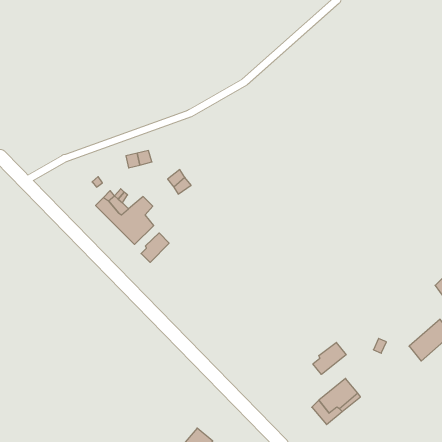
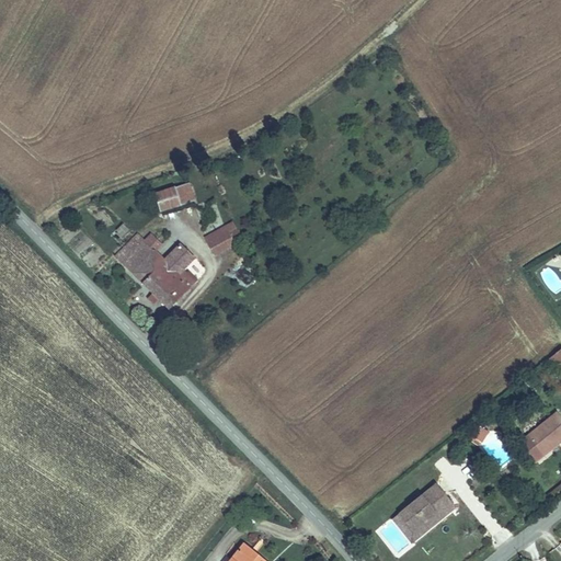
building: [141,233,169,262] -> none
building: [313,342,346,374] -> none

